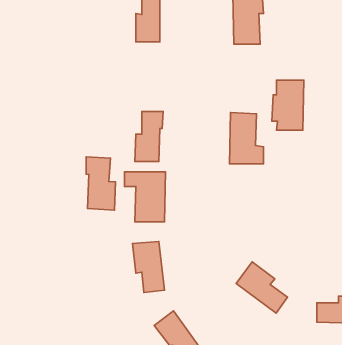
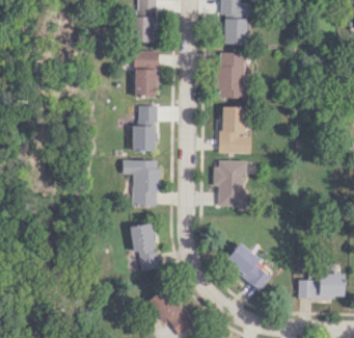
building: none -> [135,51,159,98]
building: [272,80,304,130] -> [216,52,245,98]
building: [86,157,115,210] -> none
building: none -> [215,160,250,207]

